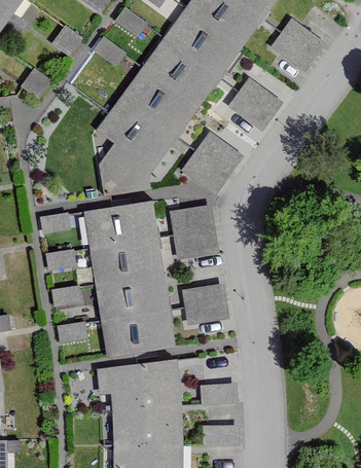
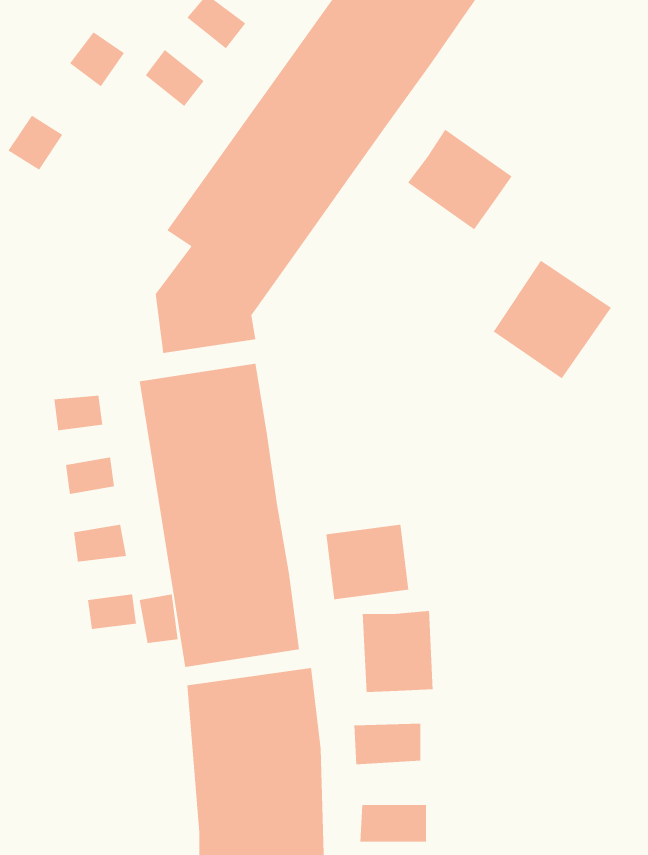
building: [272,16,326,69] -> none
building: [184,132,246,193] -> [493,260,612,379]
building: [174,207,217,255] -> none
building: none -> [362,610,433,693]

